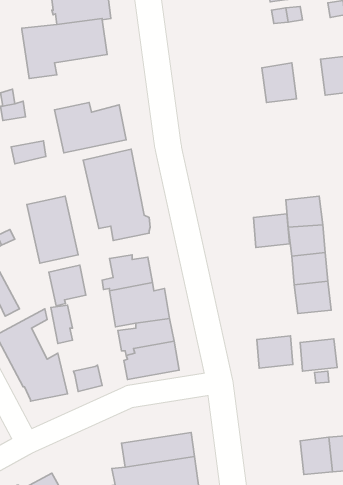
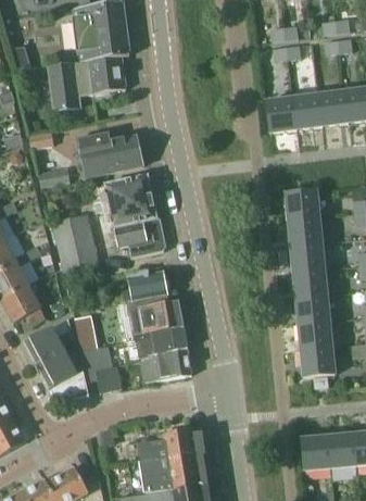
building: none -> [293,92,324,128]
building: [253,214,289,247] -> [286,189,318,220]
building: [49,265,86,306] -> [81,343,115,380]
building: [257,336,293,368] -> [299,320,331,349]

